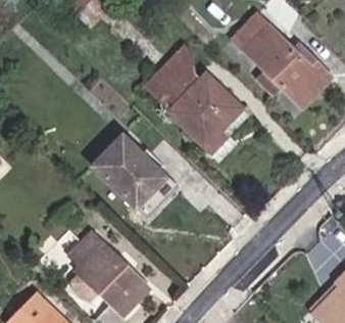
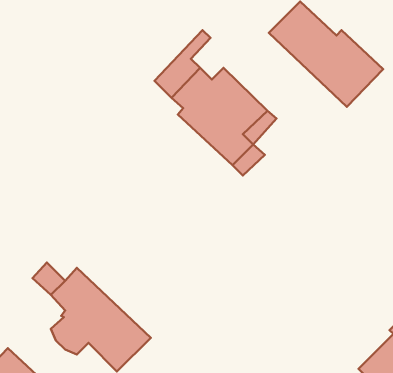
building: [93,136,172,214] -> none

